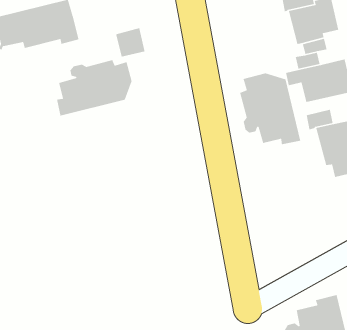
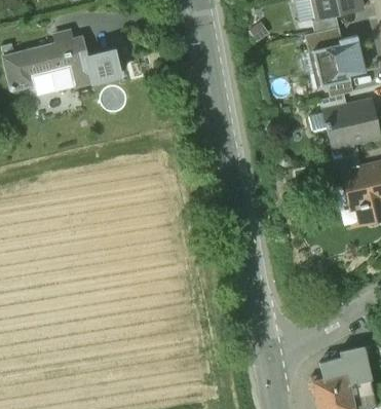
building: [115,27,146,58] -> [89,48,121,80]
building: [56,59,133,116] -> none
building: [239,73,301,145] -> none

